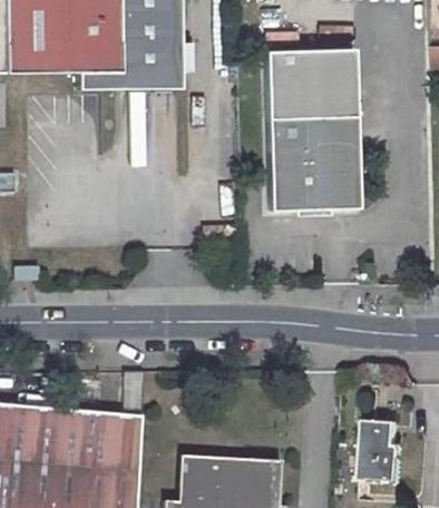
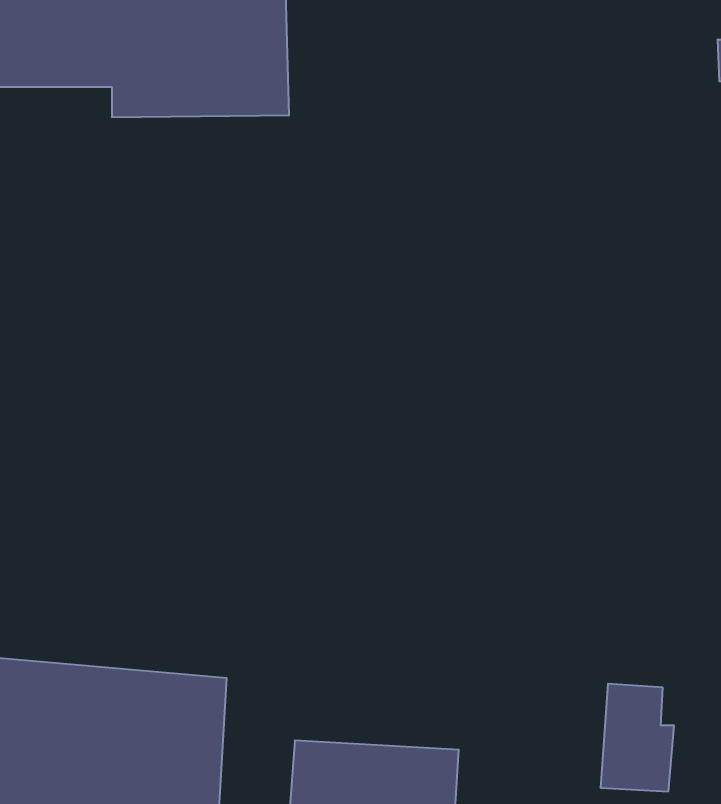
building: [262,51,357,213] -> none

